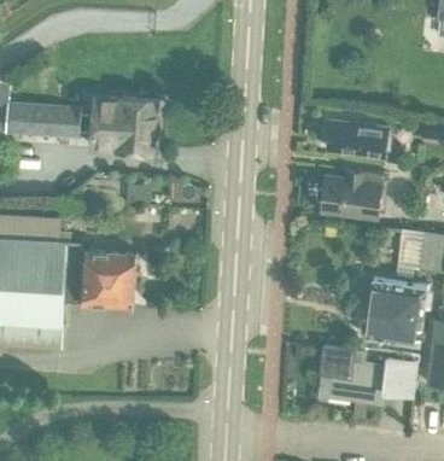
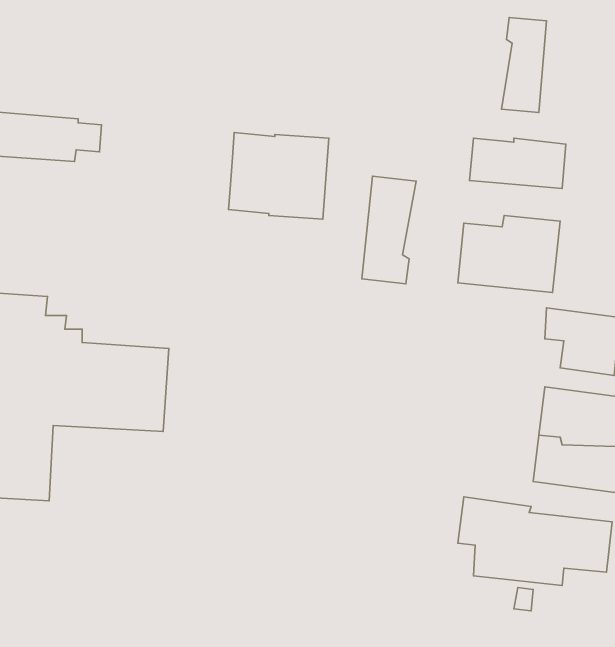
building: none -> [501,17,546,113]
building: [93,99,156,153] -> [228,132,329,219]
building: none -> [362,176,416,284]

